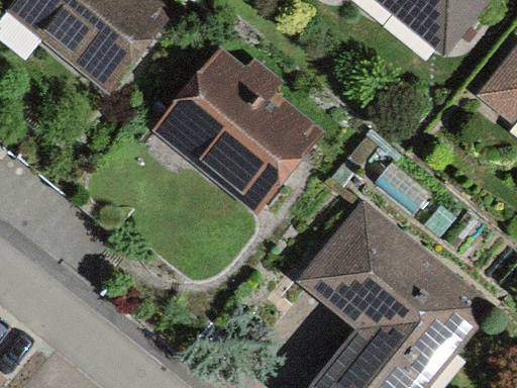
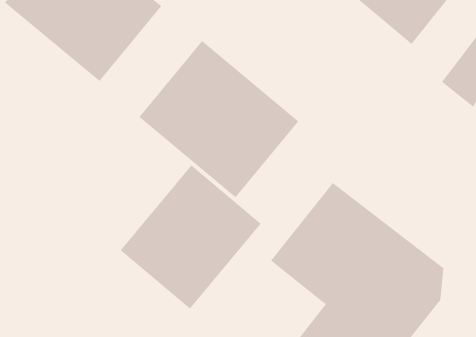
building: none -> [120,164,262,309]

